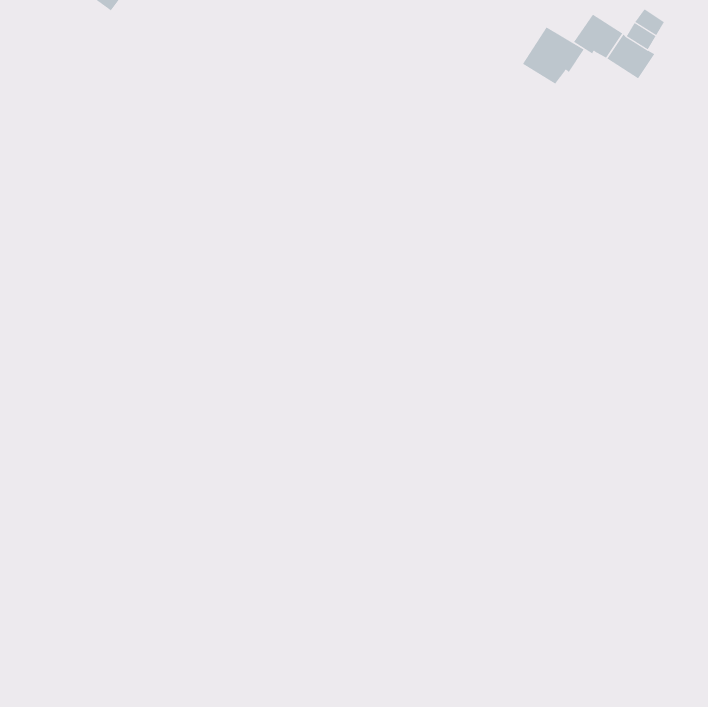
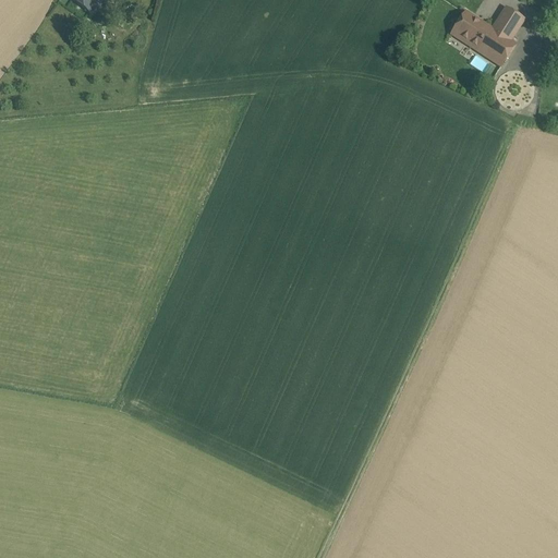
building: [522,27,584,85] -> none

